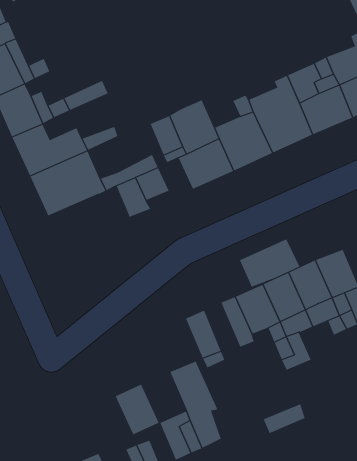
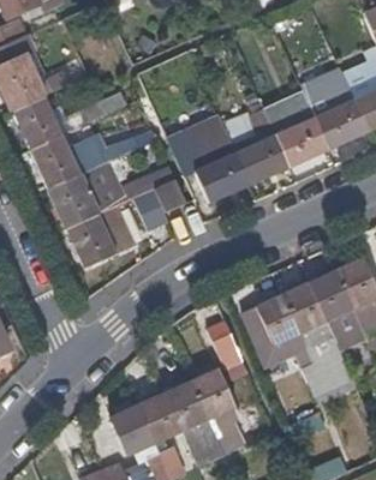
building: none -> [68,206,136,266]
building: [239,238,300,288] -> none
building: none -> [161,382,205,432]
building: none -> [108,406,153,456]

